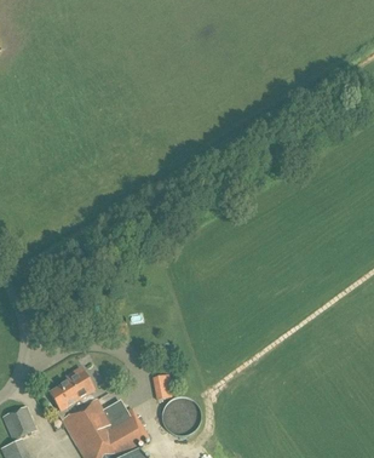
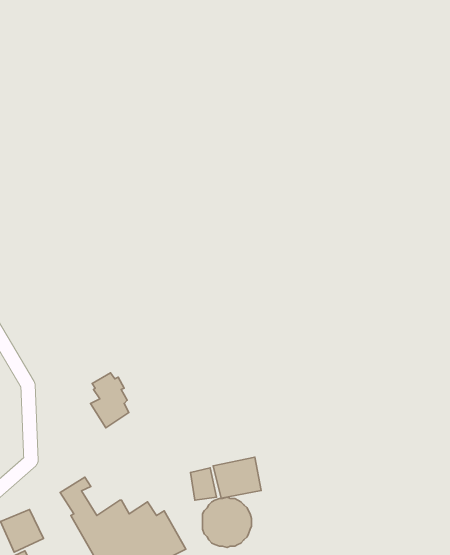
building: none -> [213,457,261,498]
building: [65,367,96,411] -> [90,373,129,428]

